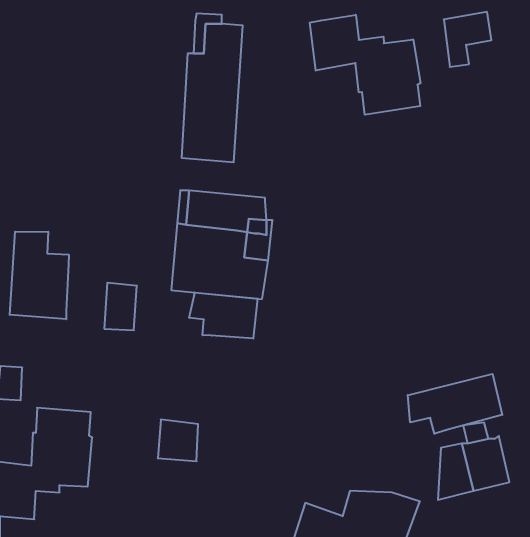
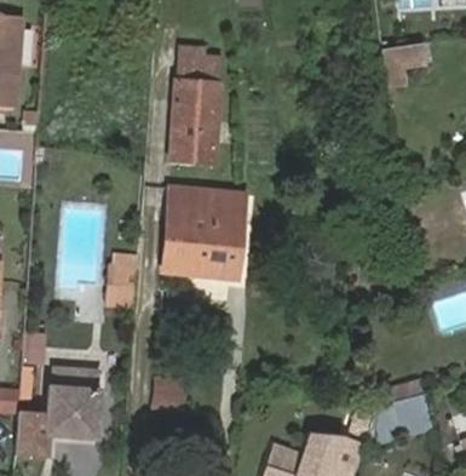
building: [310,15,420,115] -> none
building: [10,232,69,319] -> none
building: [189,292,258,339] -> none
building: [408,374,502,434] -> none

